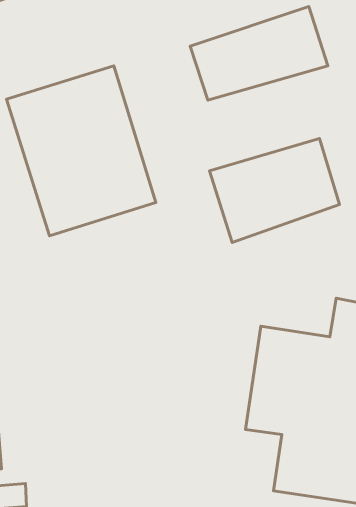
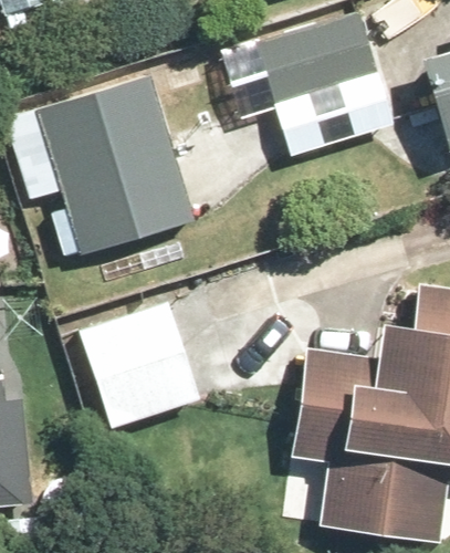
building: [209,139,340,243] -> none
building: none -> [76,310,186,430]

